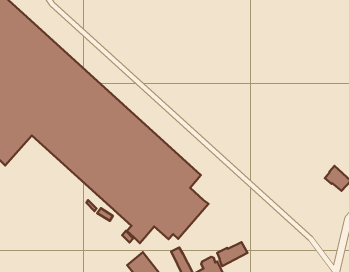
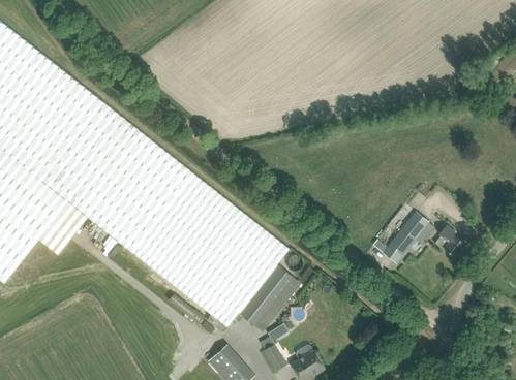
building: none -> [373,211,428,261]
building: [217,242,248,266] -> none

